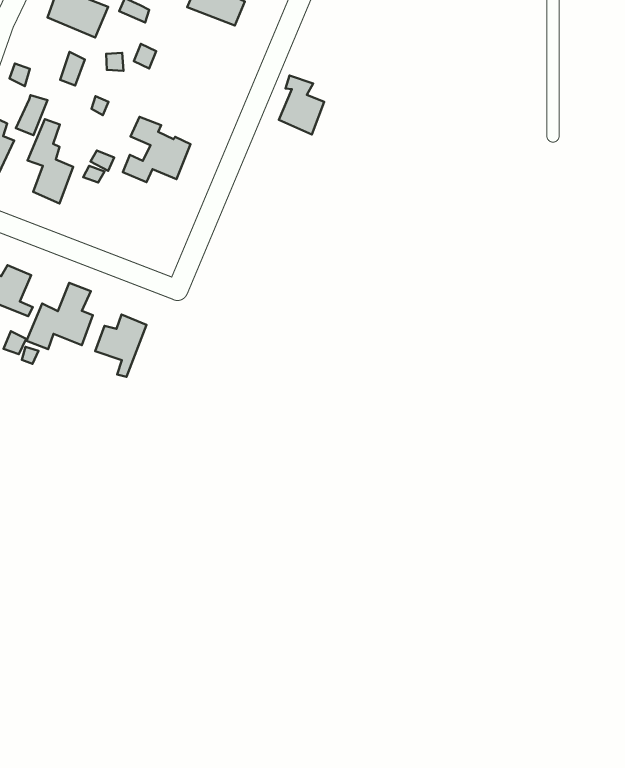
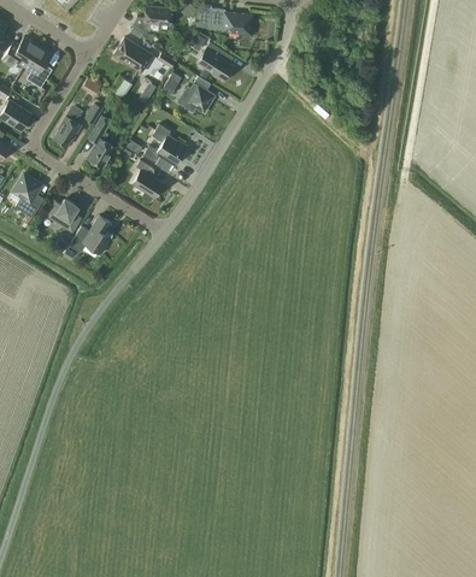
building: [279,76,324,134] -> [187,75,216,112]
building: none -> [131,159,163,201]
building: [95,315,147,377] -> none

